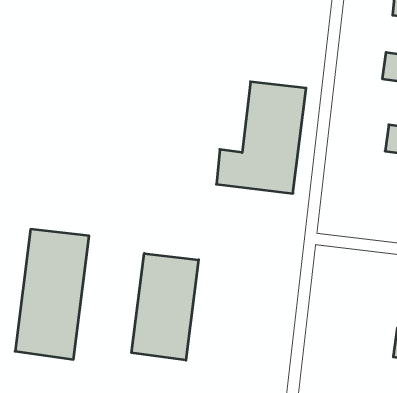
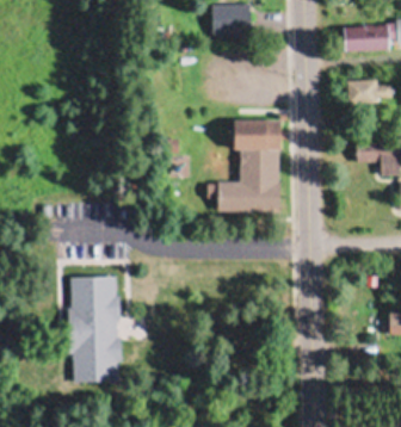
building: [132,253,199,360] -> none

